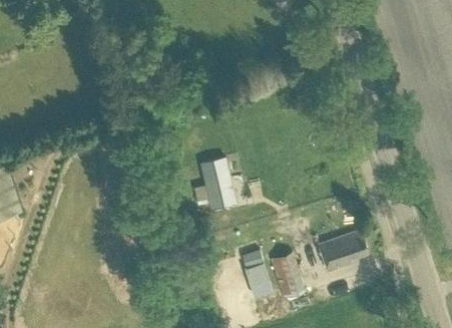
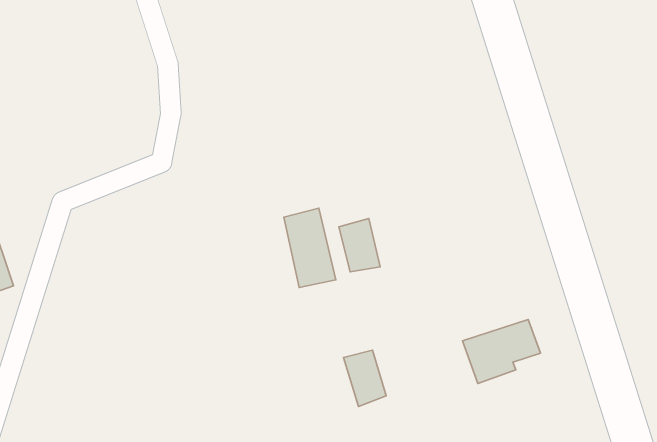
building: none -> [339,218,380,272]
building: [270,254,304,297] -> none

